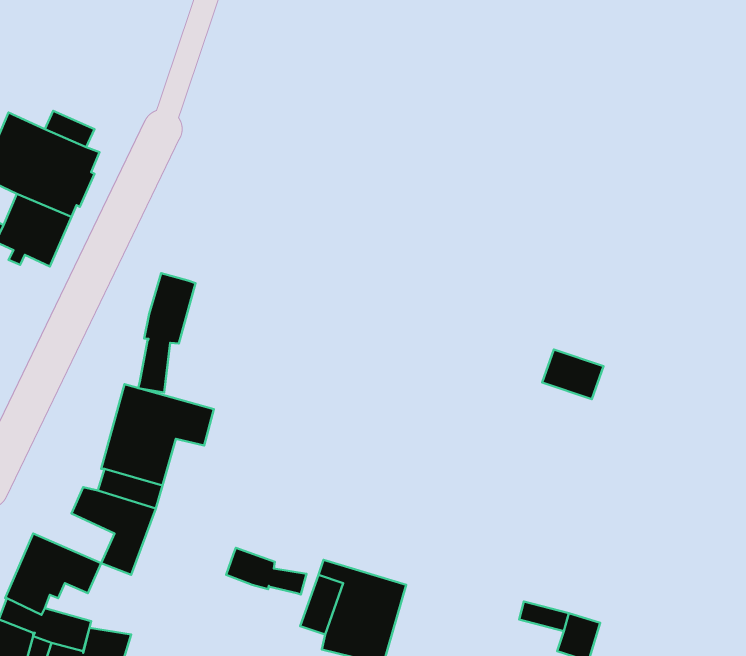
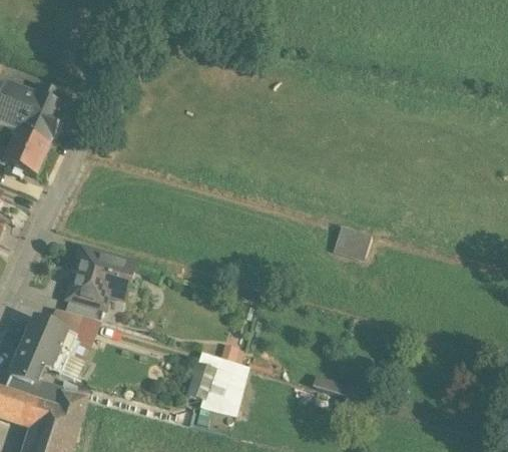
building: [138,273,195,393] -> none
building: none -> [24,318,73,354]
building: [226,548,306,595] -> none

